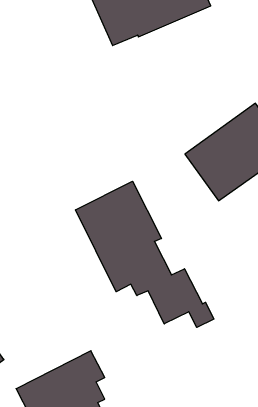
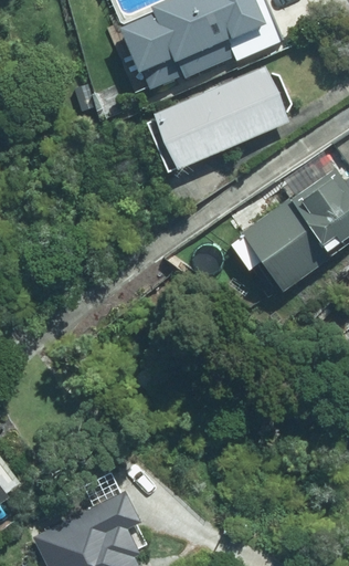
building: none -> [158,69,288,168]
building: [76,181,214,327] -> none

